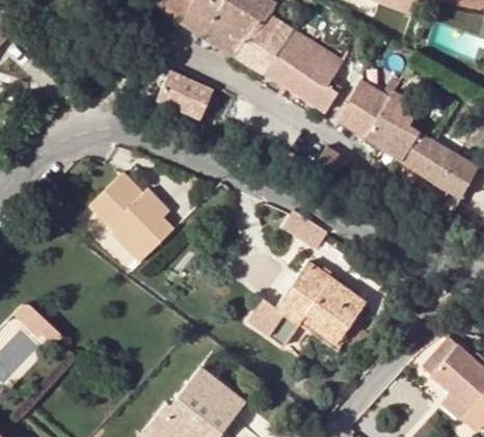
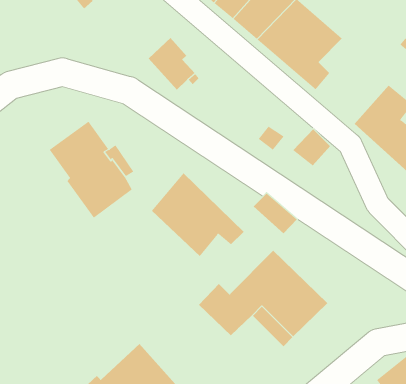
building: [340,75,399,136] -> none
building: none -> [151,173,245,257]

